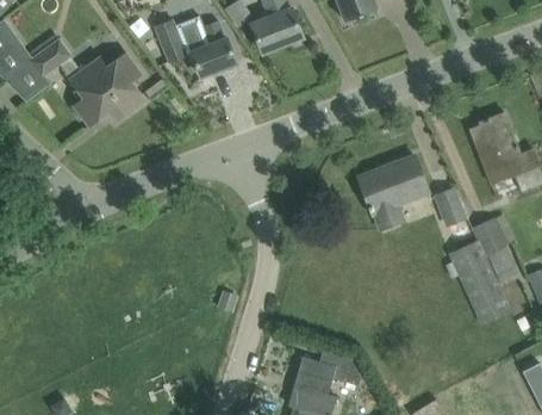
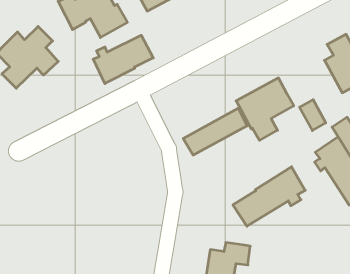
building: none -> [93,35,153,84]
building: none -> [183,108,247,155]
building: none -> [233,167,305,226]

